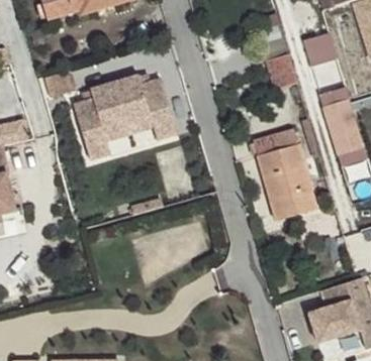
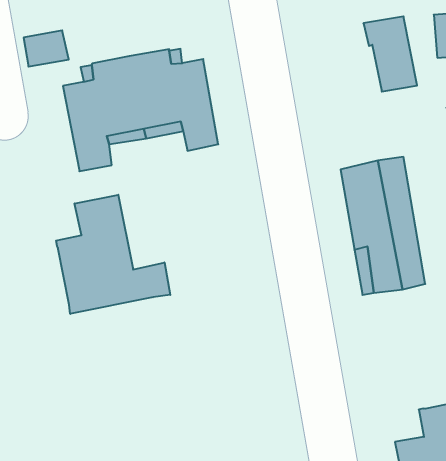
building: none -> [56,195,170,314]

